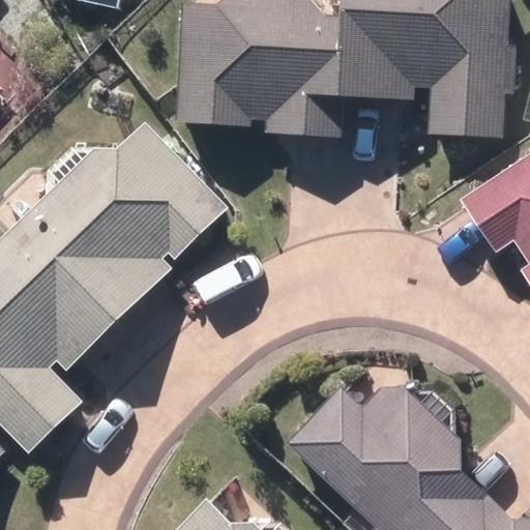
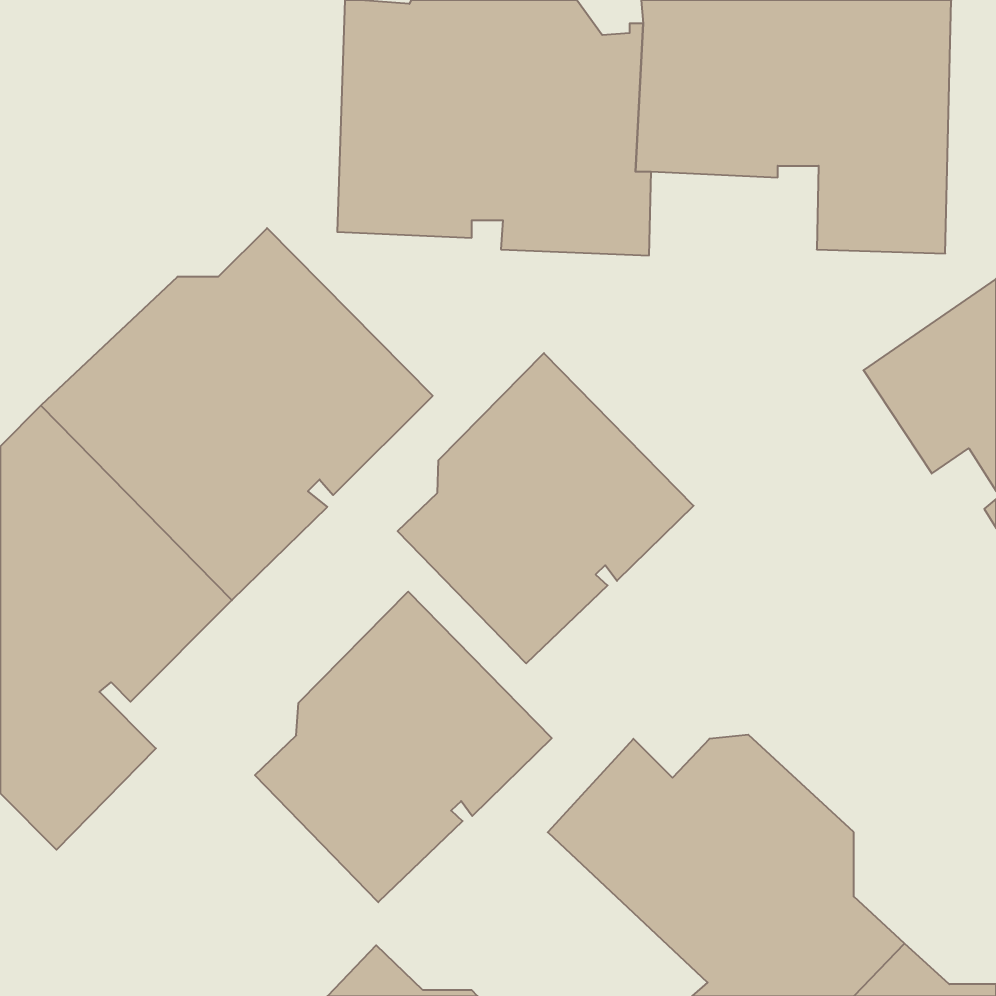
building: none -> [398,353,694,663]
building: none -> [255,592,552,902]

